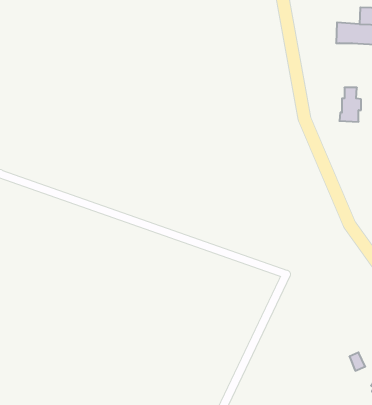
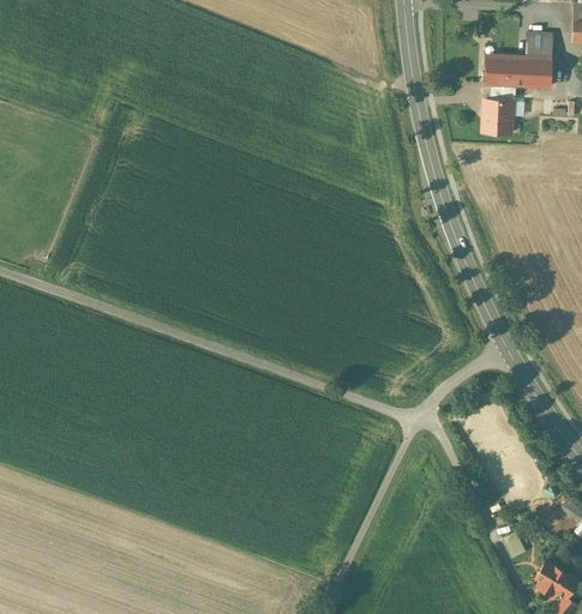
building: [339,88,361,122] -> [482,86,514,136]

